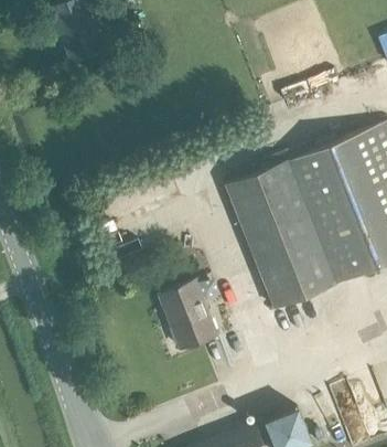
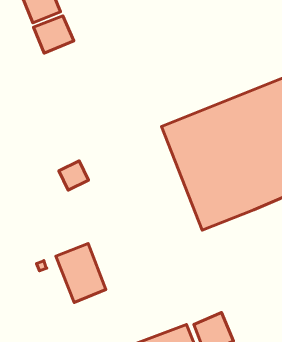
building: none -> [34,16,74,53]
building: [159,279,218,350] -> [56,243,106,303]

